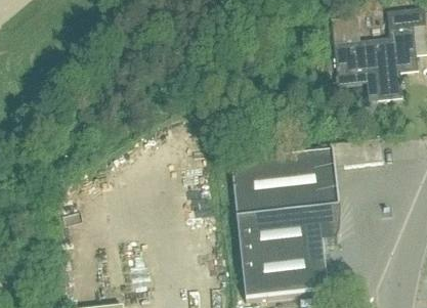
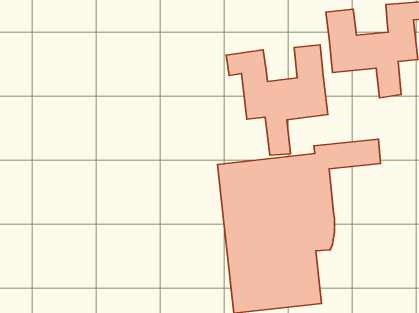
building: none -> [226,45,328,155]

